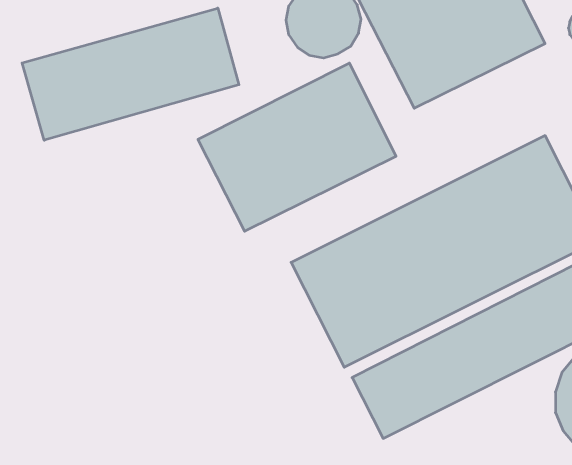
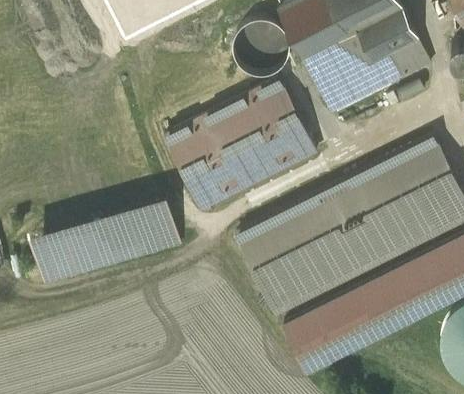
building: [22,8,239,140] -> none
building: none -> [29,195,183,287]

